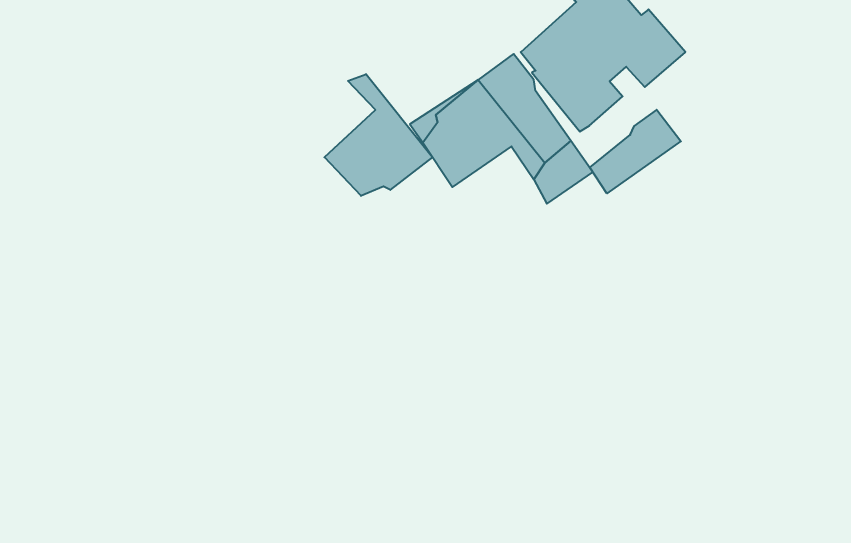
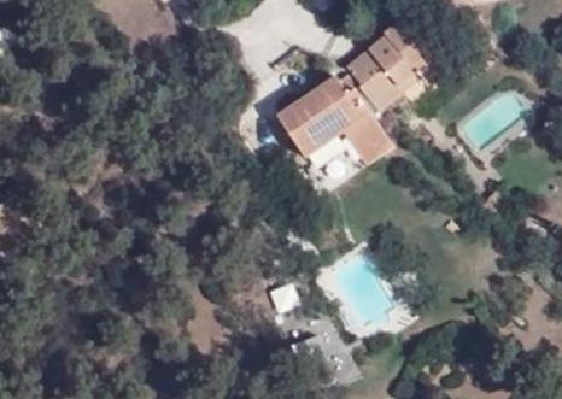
building: [324,74,433,196] -> none
building: [590,110,681,193] -> none

